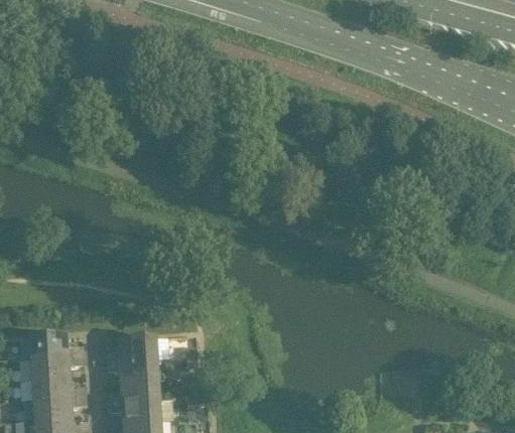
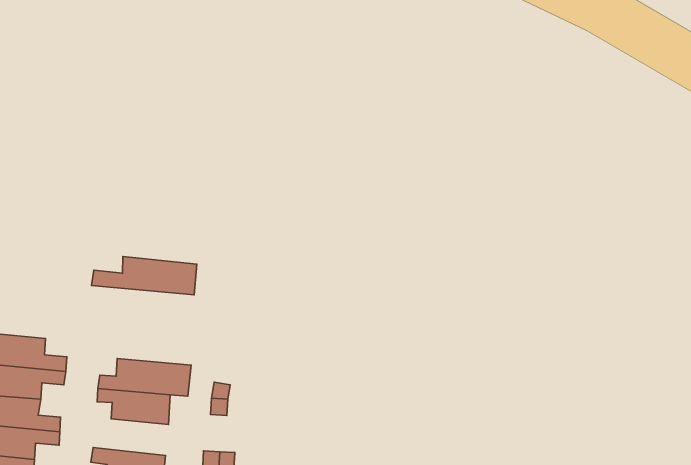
building: none -> [92,256,197,295]
building: [108,384,158,407] -> none

